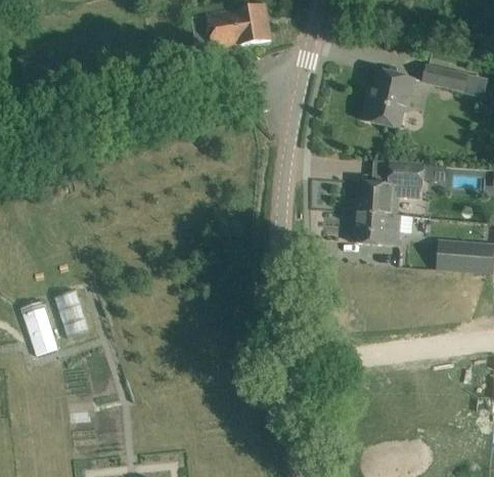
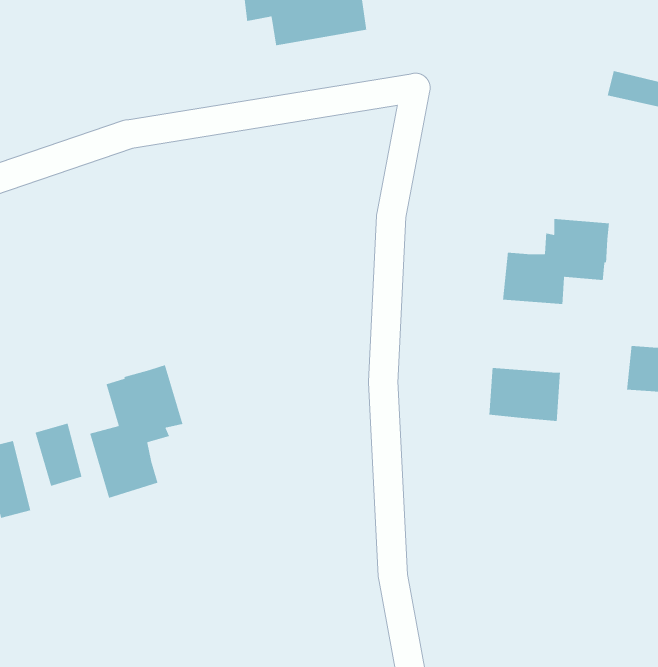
building: [361,70,414,128] -> none
building: [353,211,399,246] -> [488,367,561,422]
building: none -> [89,364,184,499]

